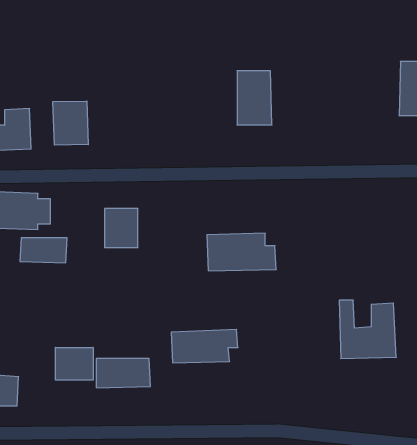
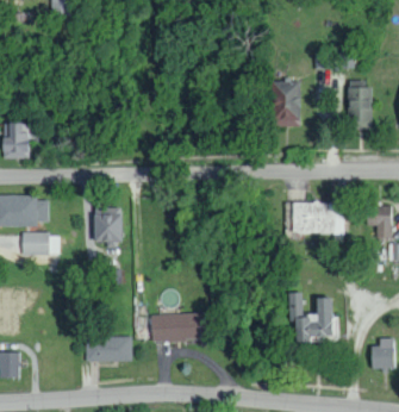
building: [237,71,272,125] -> [270,80,300,126]
building: [53,101,88,145] -> none
building: [207,233,276,271] -> [285,202,344,235]
building: [55,347,93,380] -> none

